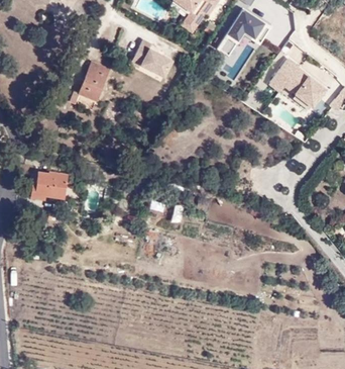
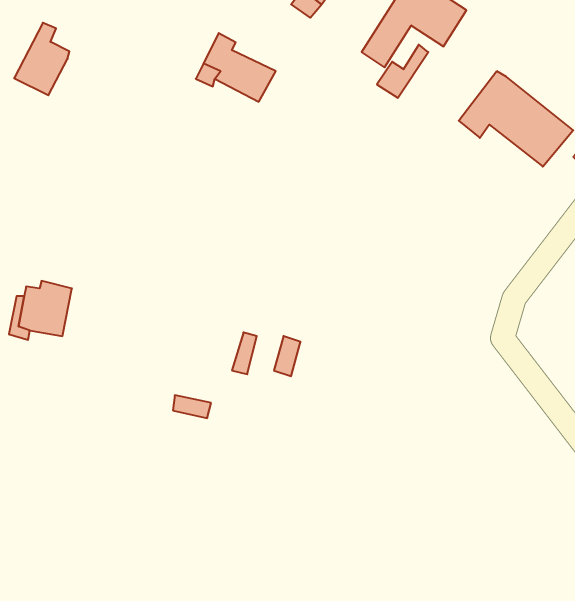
building: [73,61,102,99] -> [14,23,69,95]

